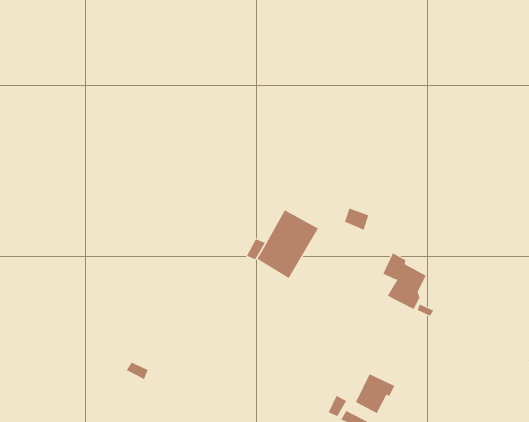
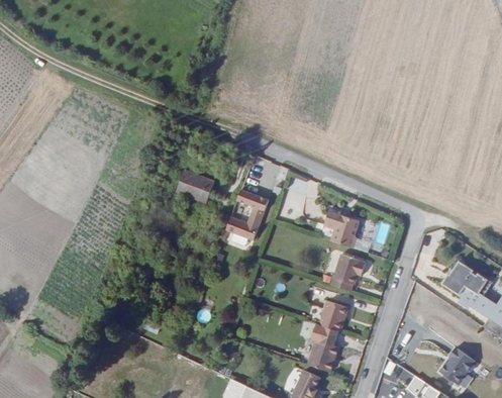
building: none -> [177,169,215,202]
building: none -> [330,254,365,291]

